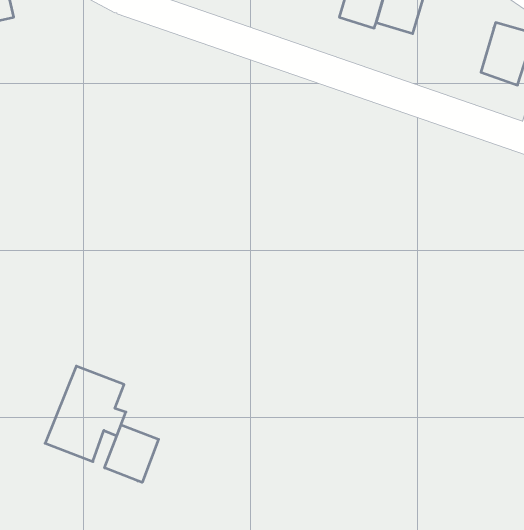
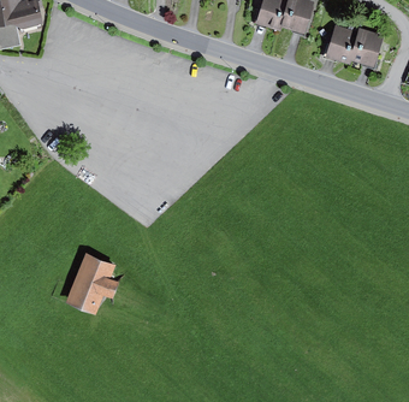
building: none -> [325,24,357,65]
building: [105,425,159,482] -> none

